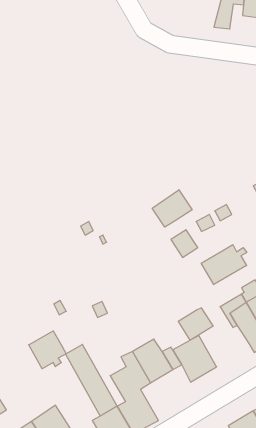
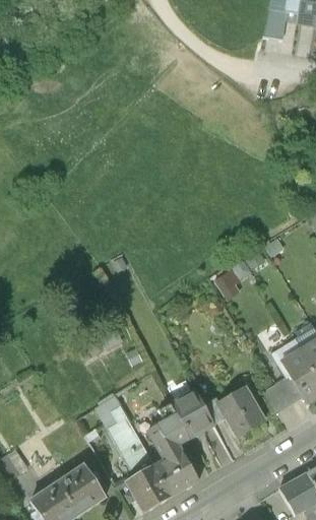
building: [152,190,192,227] -> none
building: [201,245,247,285] -> none
building: [178,308,213,340] -> [263,374,303,410]
building: [29,331,66,369] -> none

